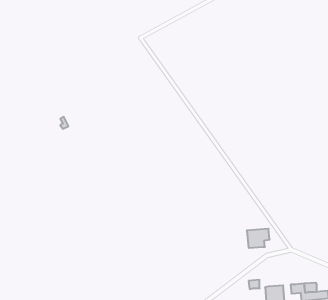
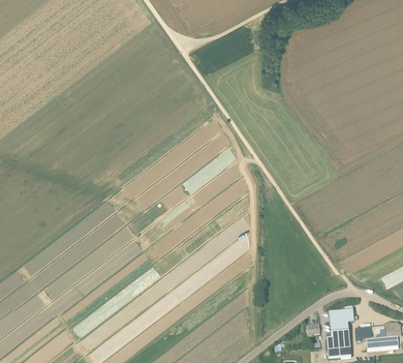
building: [247,229,270,248] -> [329,310,354,332]

